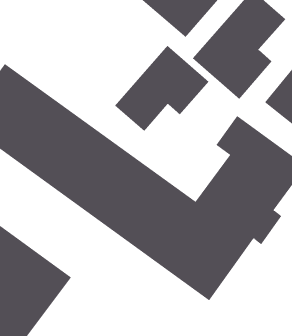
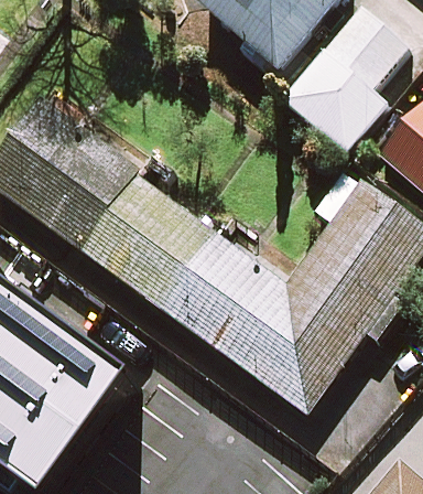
building: [114,45,209,132] -> none

